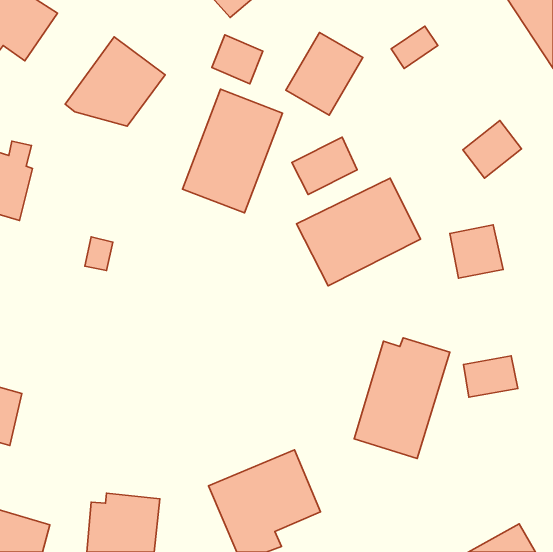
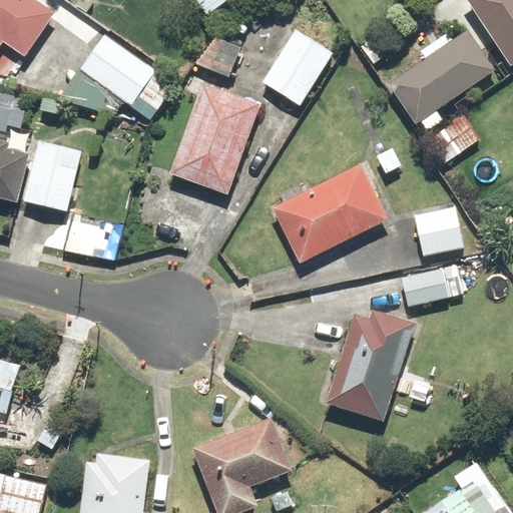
building: none -> [388,29,494,129]
building: [292,137,357,195] -> none
building: none -> [24,139,83,212]
building: [463,356,518,397] -> [400,268,450,306]

